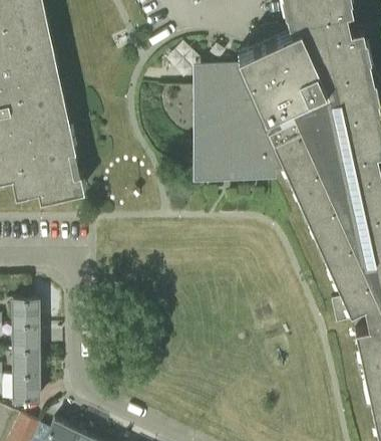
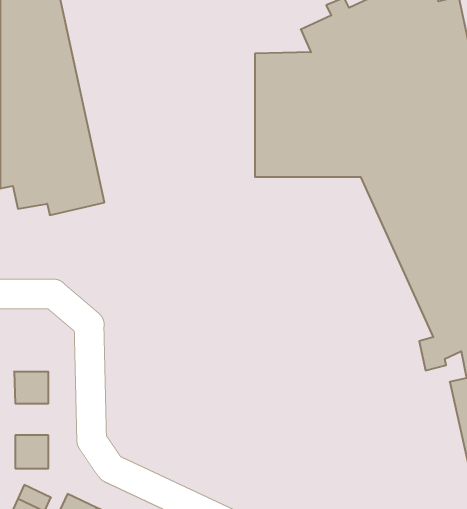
building: [11,299,38,324] -> none
building: [12,350,38,375] -> none

